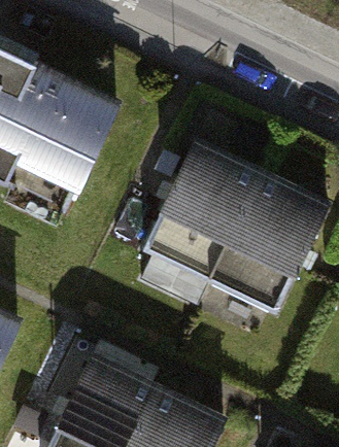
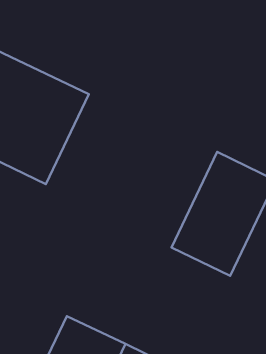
building: [144,141,262,279] -> none

